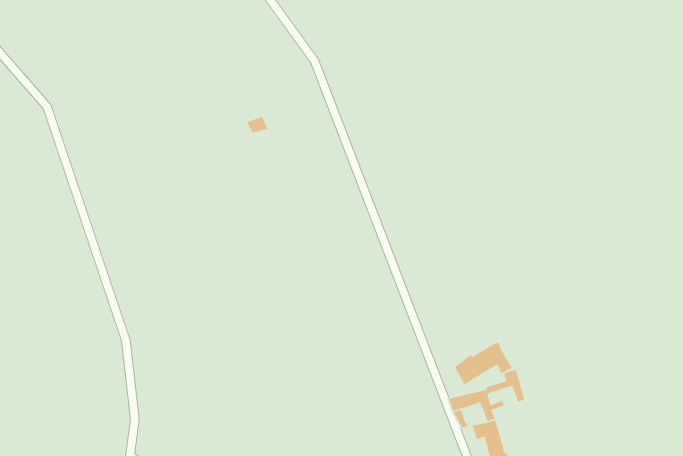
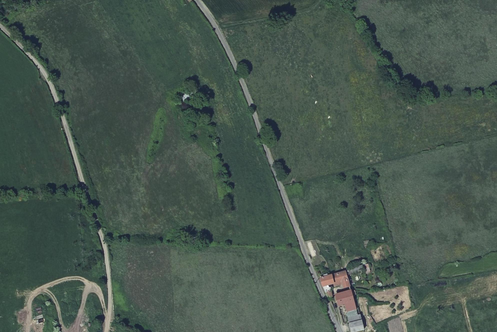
building: [454,341,513,385] -> none

